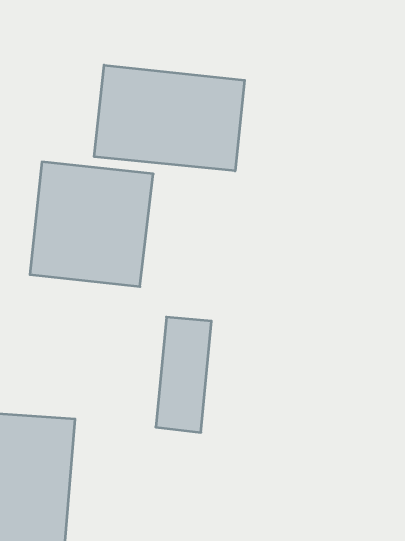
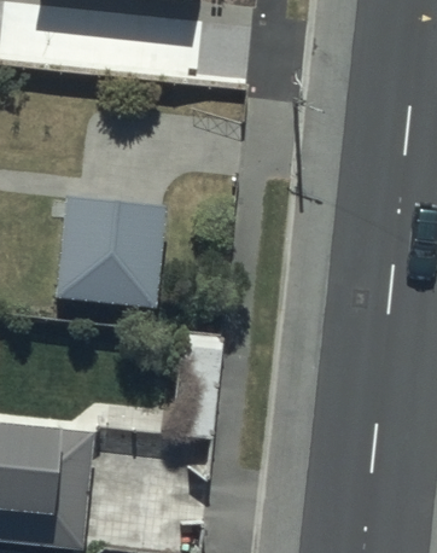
building: [94,65,245,171] -> none

